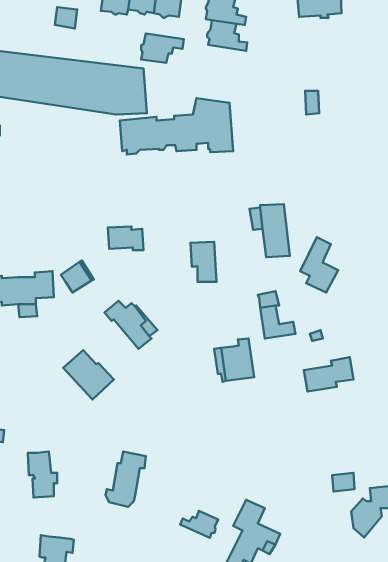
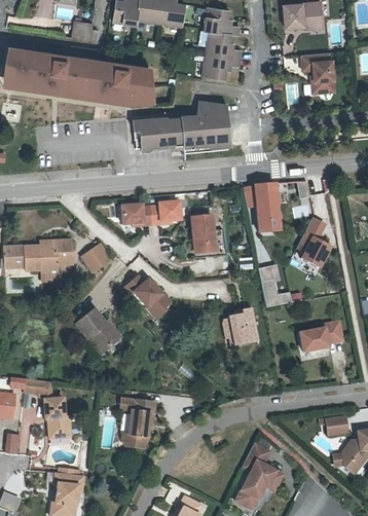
building: [141,33,184,63] -> [204,47,241,73]
building: none -> [302,48,335,88]
building: none -> [150,202,180,226]
building: [180,511,218,538] -> none

